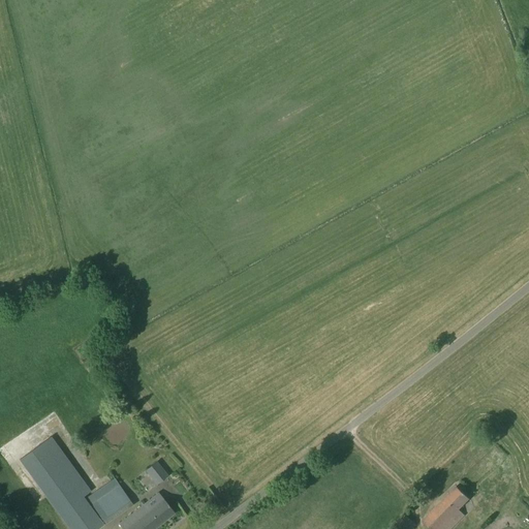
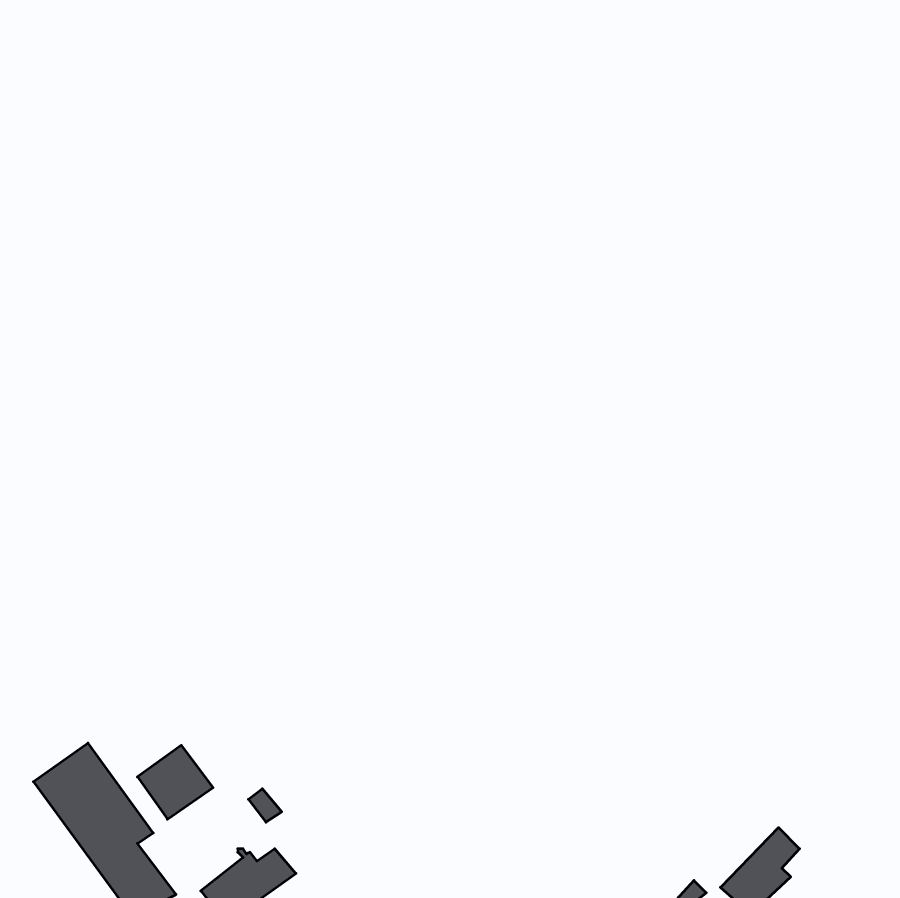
building: [88,479,132,523] -> [137,745,213,819]

